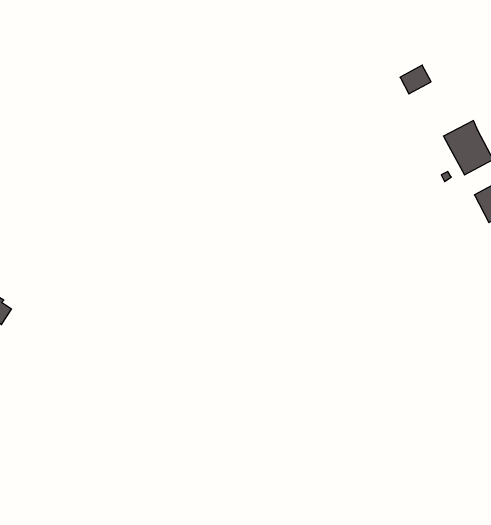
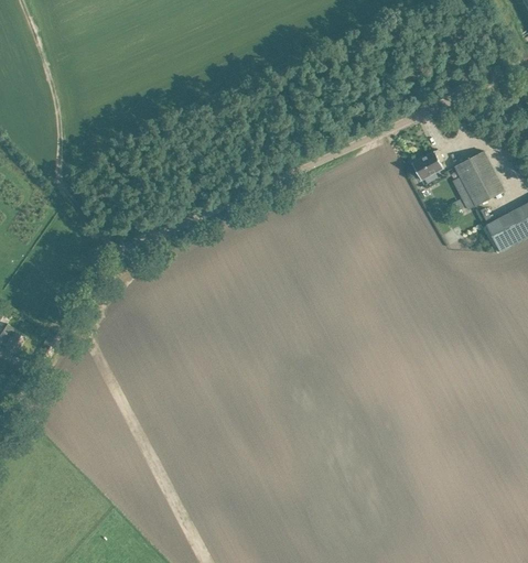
building: [400,65,431,94] -> [410,152,441,181]

